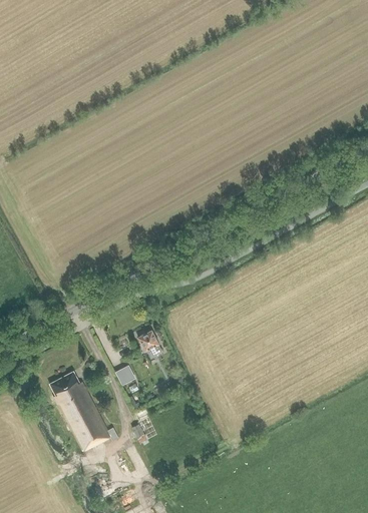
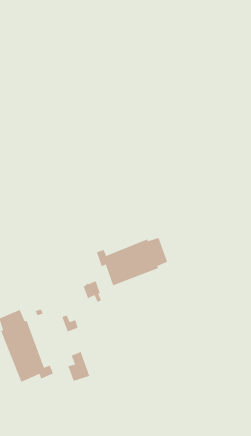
building: none -> [96,237,168,286]

